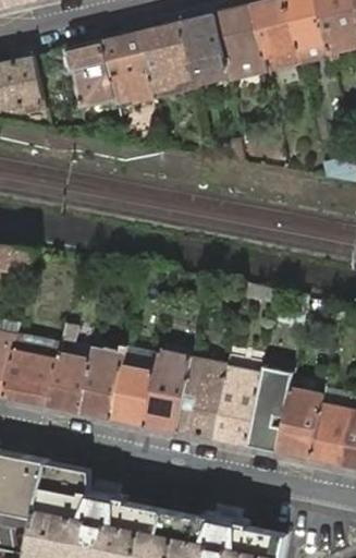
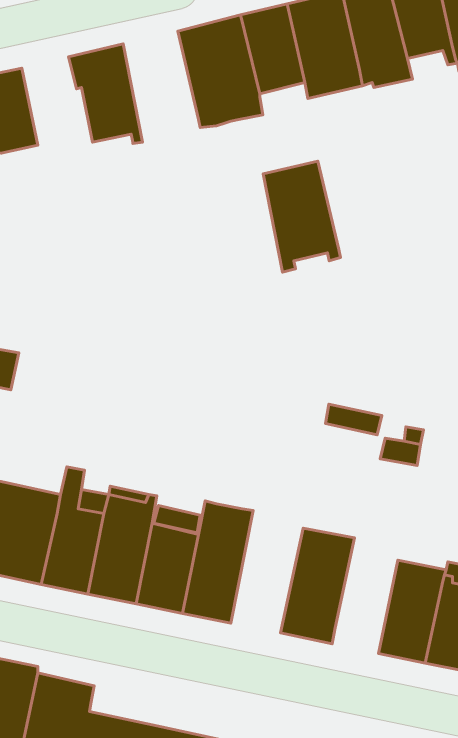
building: [101,32,154,107] -> [263,161,340,272]
building: [174,356,224,439] -> none
building: [243,367,291,453] -> none

